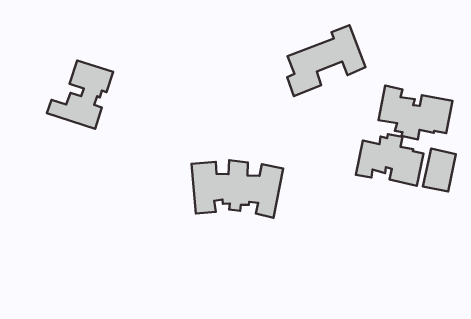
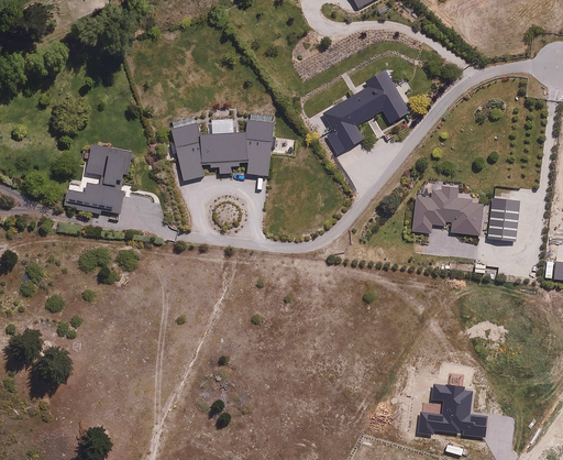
building: [378,86,453,140] -> none
building: [191,160,283,218] -> [172,118,273,180]

